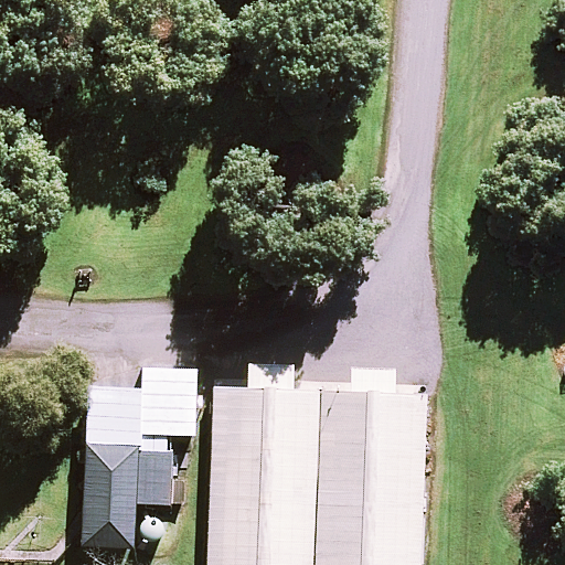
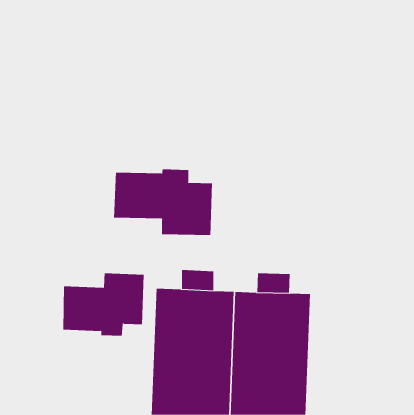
building: none -> [113,169,212,236]
building: [83,448,172,552] -> none

